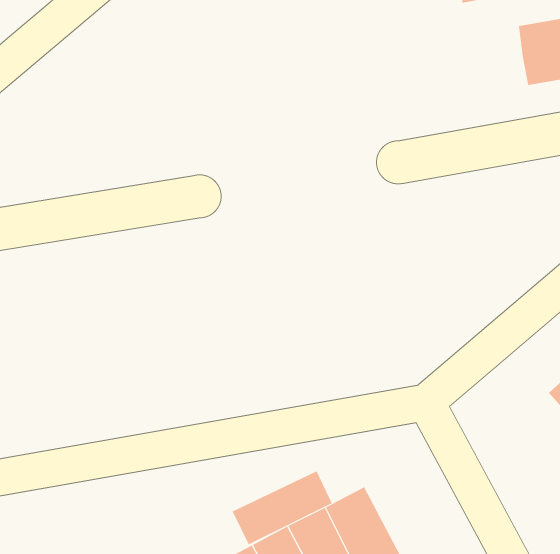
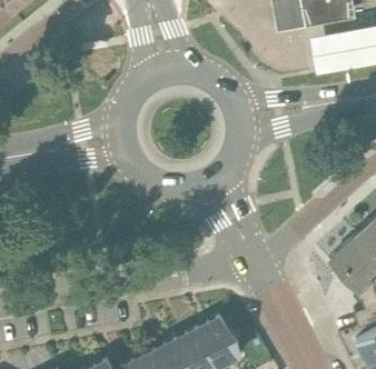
building: [232,470,332,545] -> none

